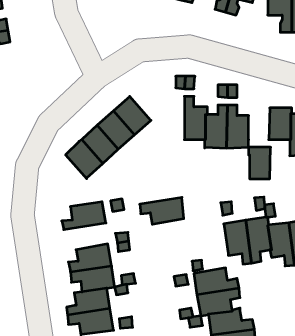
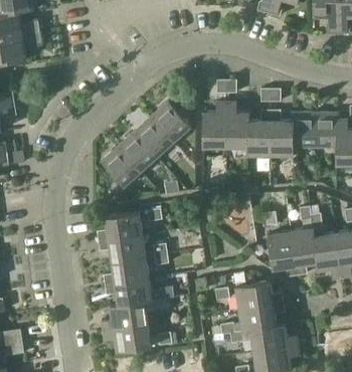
building: none -> [203,102,226,147]
building: [249,147,271,179] -> [293,114,316,147]
building: [140,197,184,224] -> [100,234,146,262]

